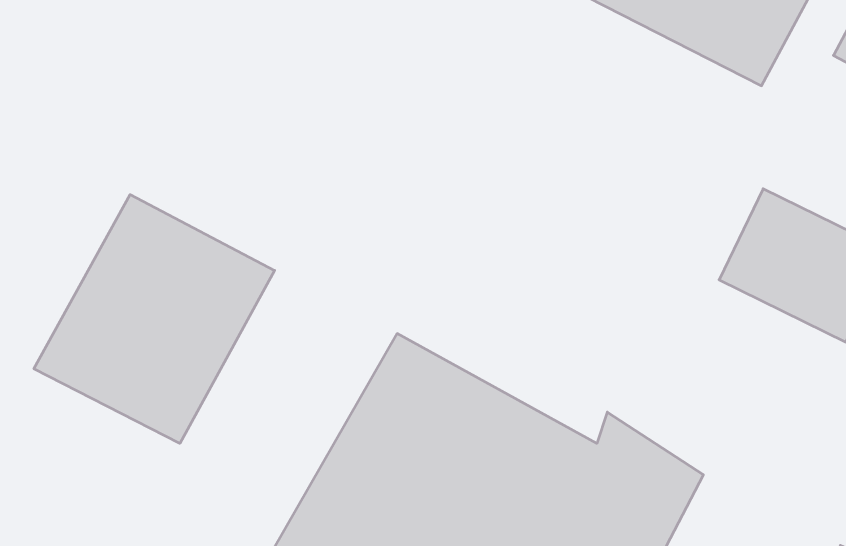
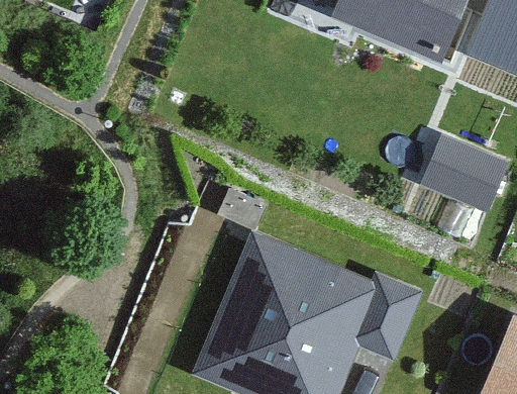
building: [34,195,275,443] -> none

